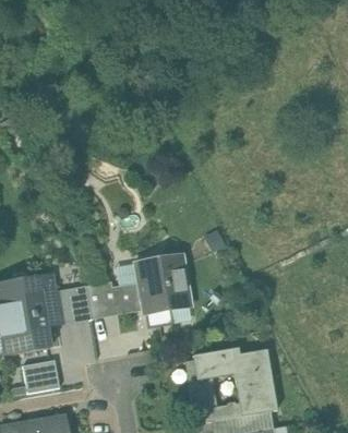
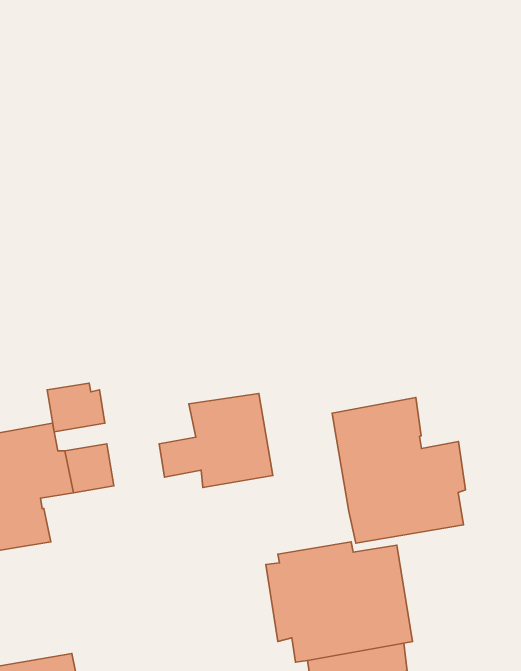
building: none -> [332,397,465,543]
building: [86,282,122,313] -> [47,383,105,432]
building: [26,359,63,393] -> none

